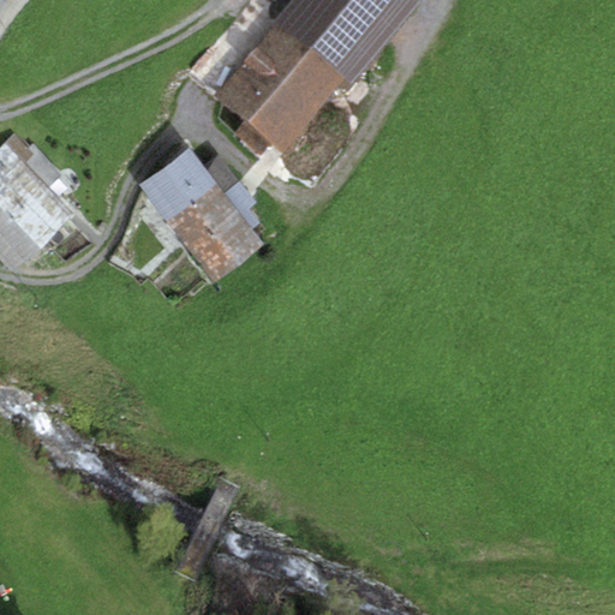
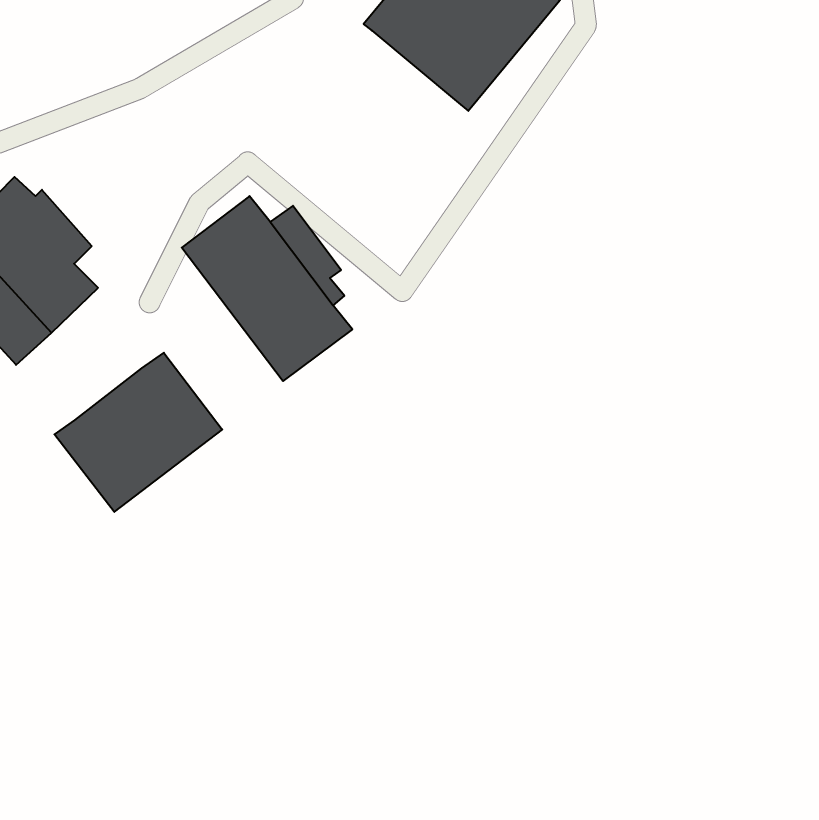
building: [216,23,342,149] -> none
building: none -> [54,353,222,512]

